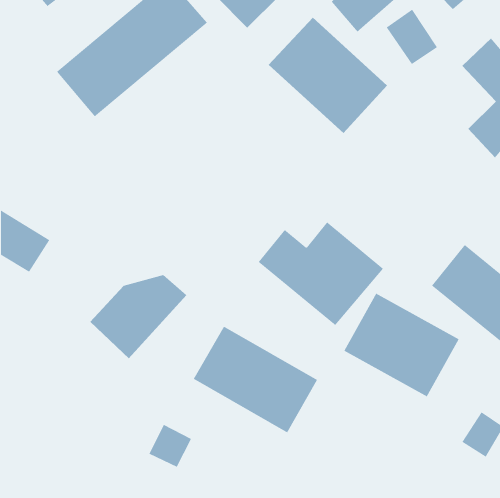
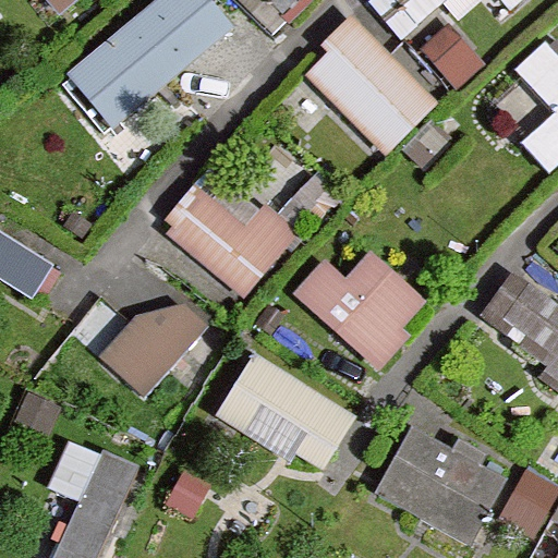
building: none -> [156,183,293,296]
building: [343,293,460,397] -> [371,423,499,538]
building: none -> [37,432,136,524]

